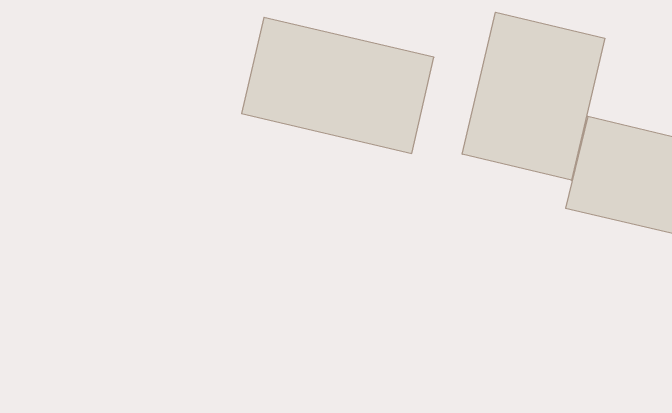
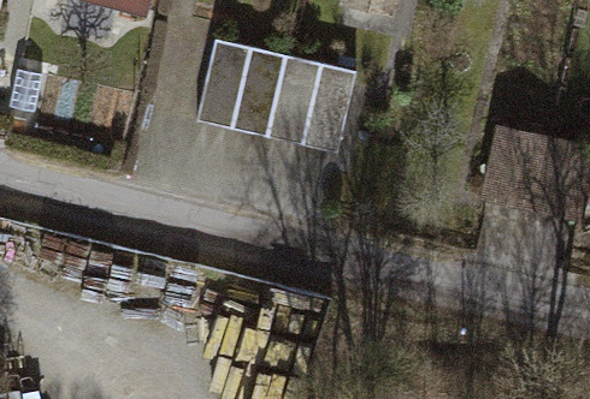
building: [462,12,605,180] -> none

